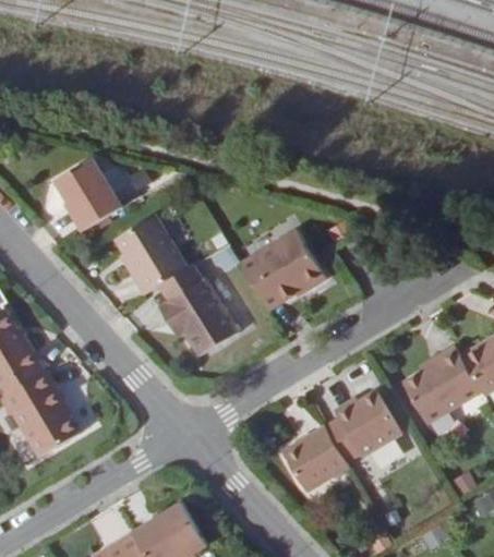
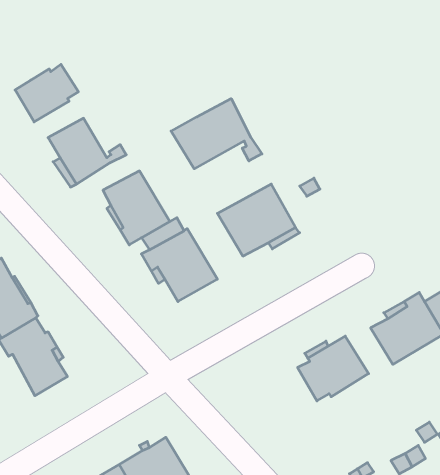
building: none -> [15,64,78,122]
building: none -> [171,99,262,169]
building: [279,426,349,495] -> none

